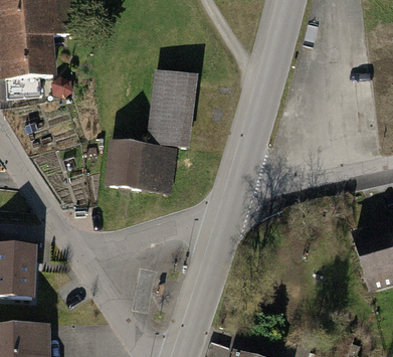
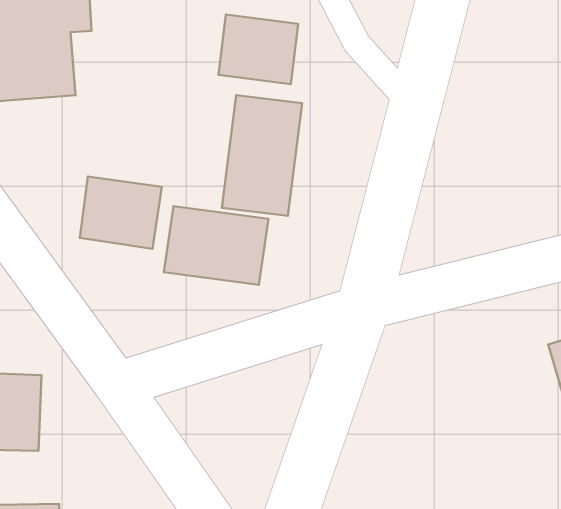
building: none -> [219,14,298,84]
building: none -> [80,177,162,249]

